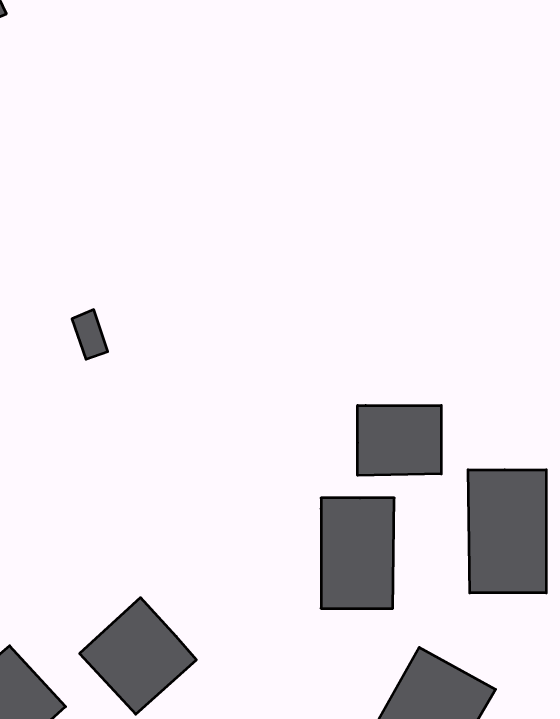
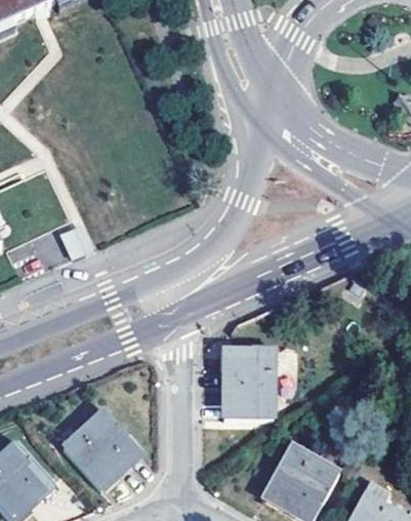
building: [358,405,441,475] -> none
building: [468,470,546,593] -> none

